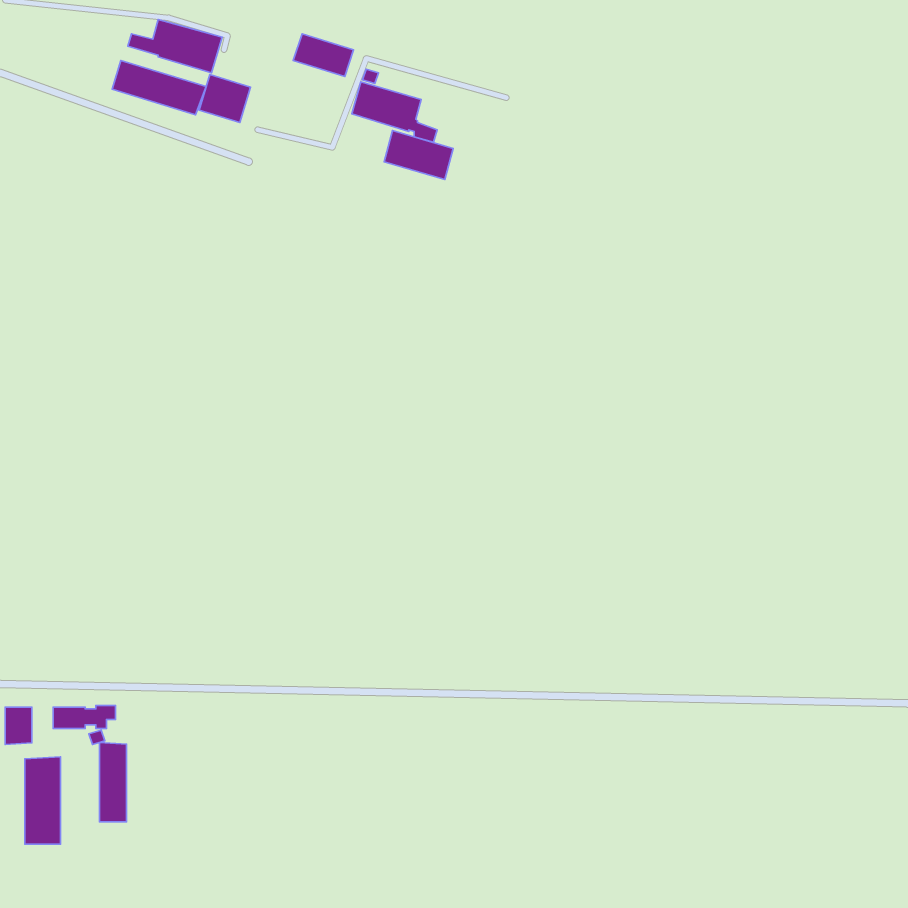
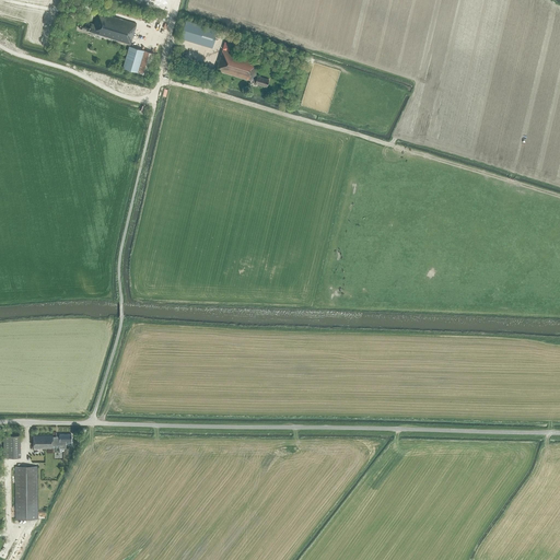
building: [112,60,206,115] -> none
building: [384,131,453,180] -> none
building: [100,742,127,822] -> none

